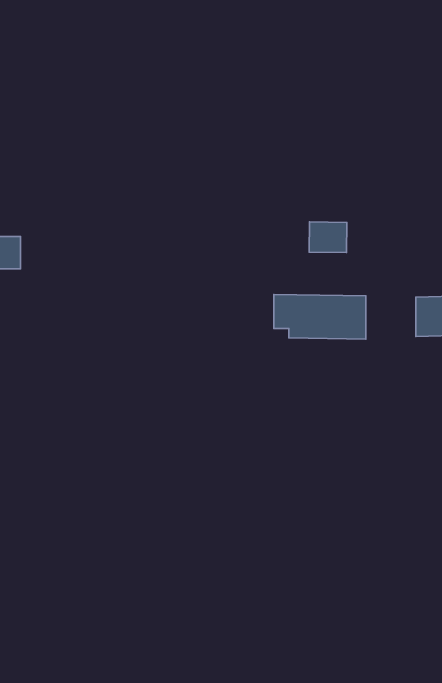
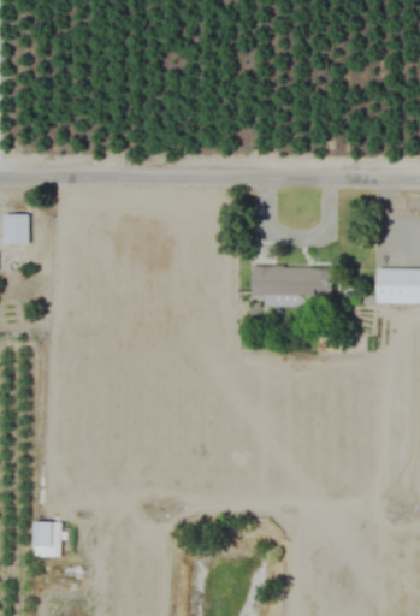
building: [309,222,347,253] -> none
building: none -> [34,521,60,557]

